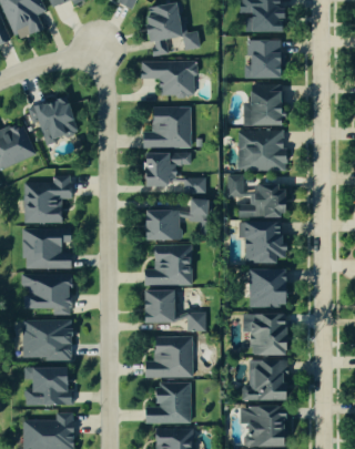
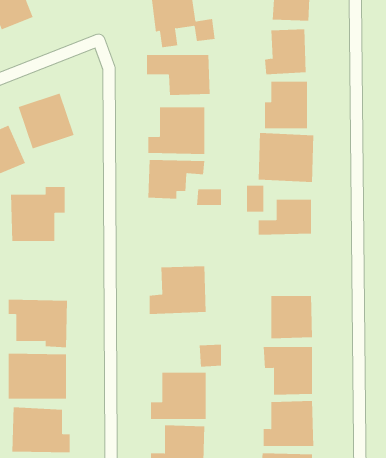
building: [143,198,207,239] -> none
building: [239,220,287,263] -> none
building: [22,227,70,268] -> none
building: [142,289,173,323] -> none

